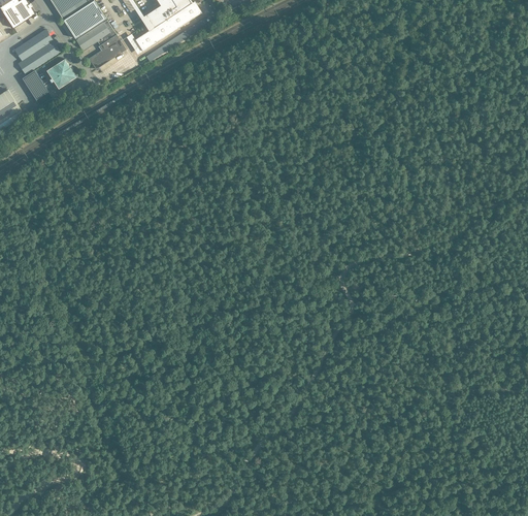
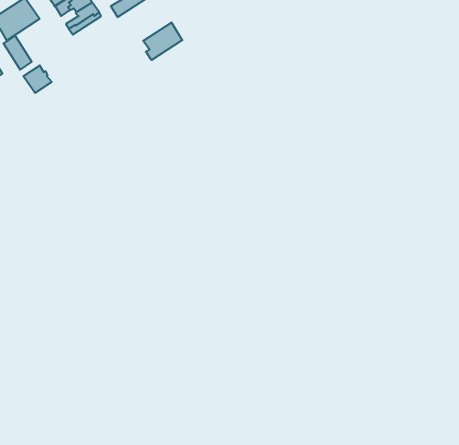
building: none -> [143,22,182,60]
building: [45,58,75,87] -> [23,65,52,93]

